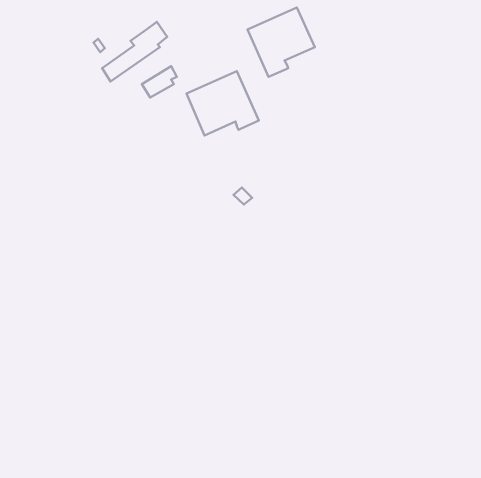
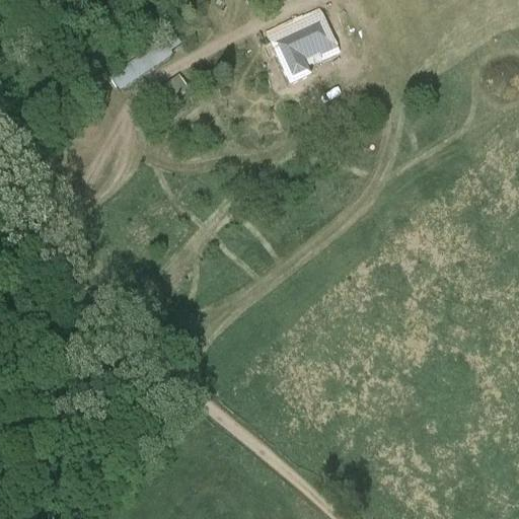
building: [187,71,259,135] -> none

